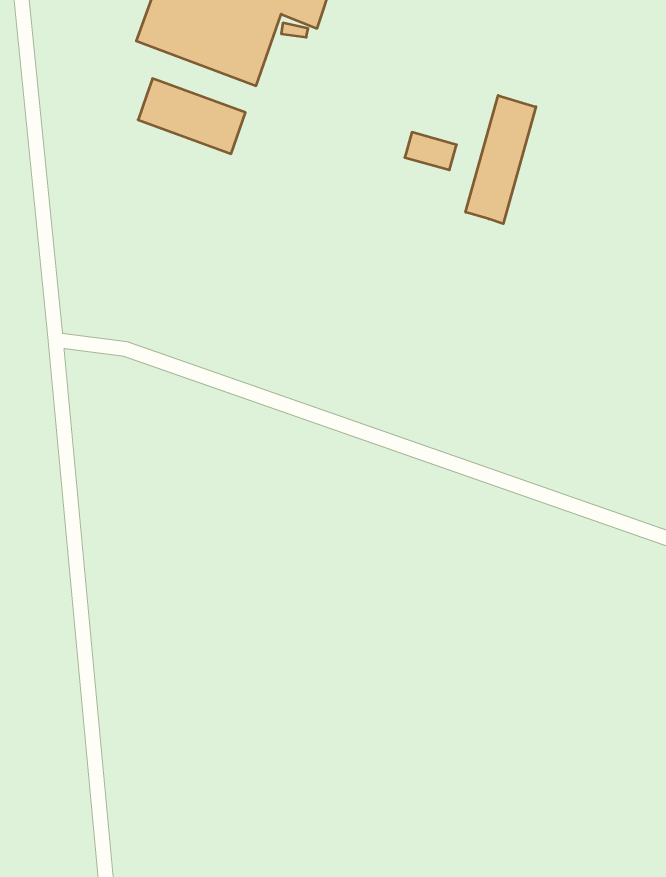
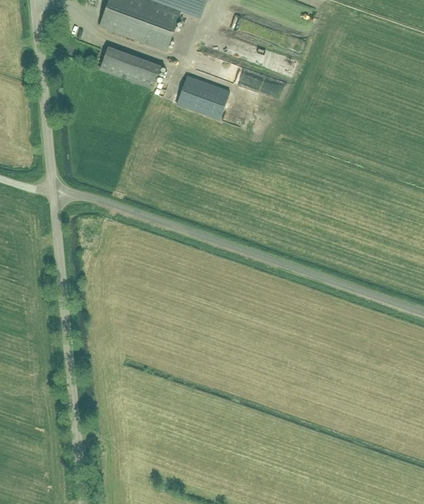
building: [466,95,536,224] -> none
building: none -> [176,75,229,119]

